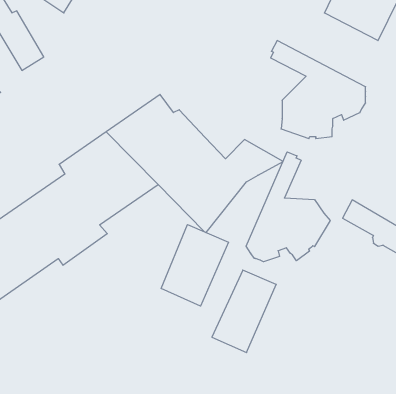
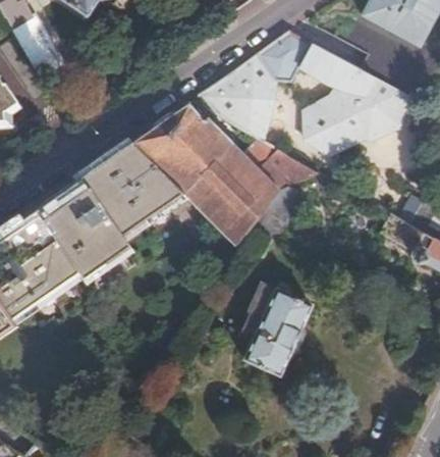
building: none -> [201,31,312,139]
building: [246,152,330,262] -> none
building: [161,225,229,306] -> none

